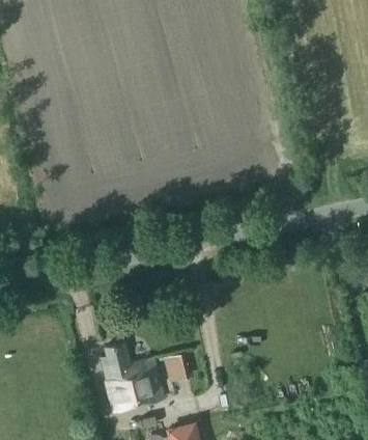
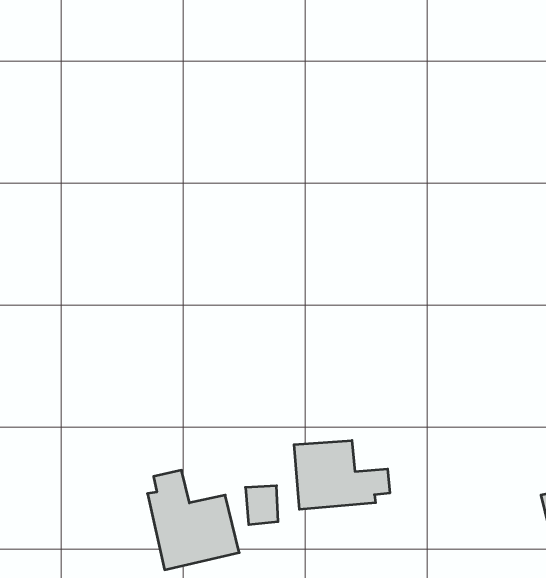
building: none -> [294,440,390,509]

